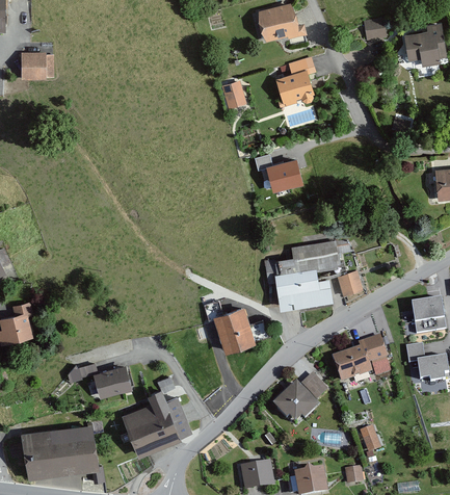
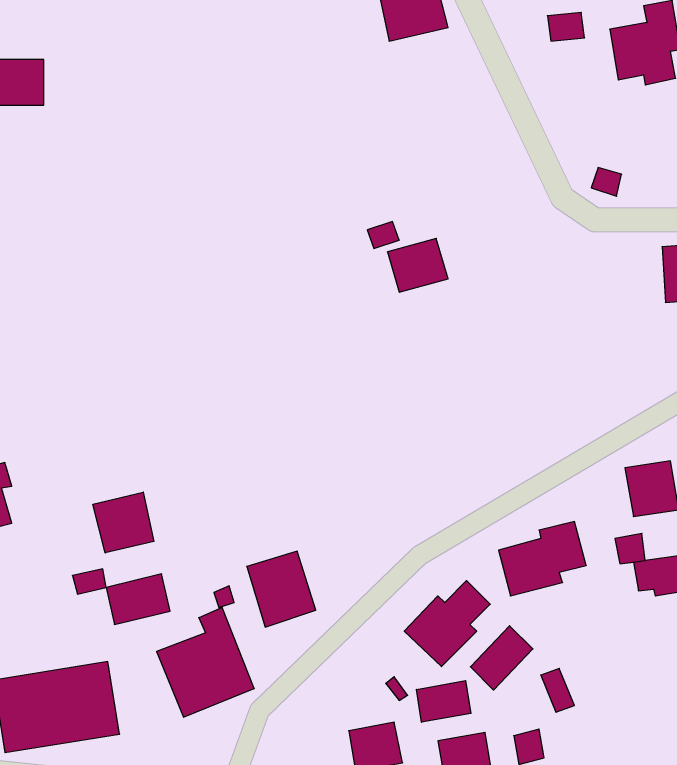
building: [275,55,317,106] -> none
building: [220,80,245,109] -> none
building: [262,237,339,308] -> none
building: [337,269,362,295] -> none
building: [213,307,256,354] -> [247,551,316,627]
building: none -> [93,492,154,553]
building: none -> [470,626,533,690]
building: none -> [416,681,471,722]

